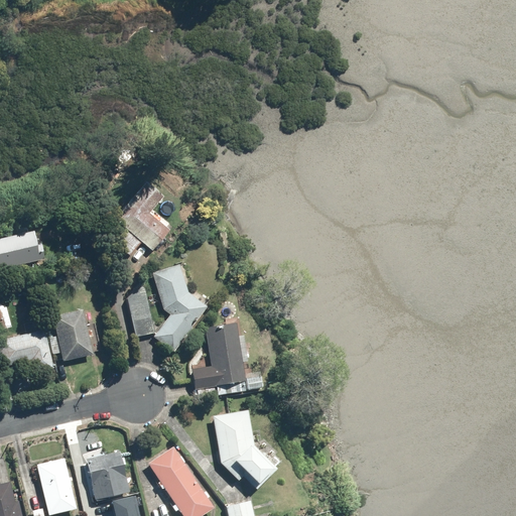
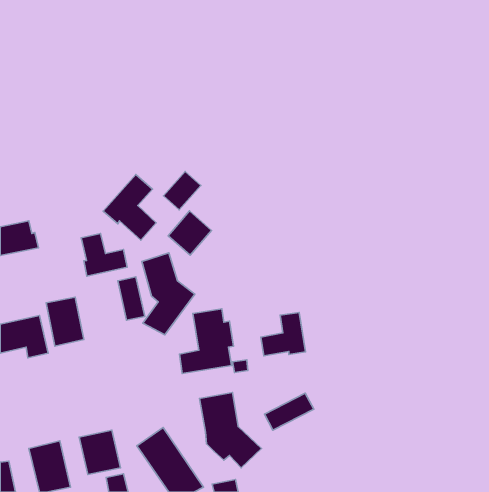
building: none -> [163,172,201,210]
building: none -> [168,211,211,255]
building: none -> [81,234,127,276]
building: none -> [261,312,306,356]
building: none -> [264,393,314,430]

